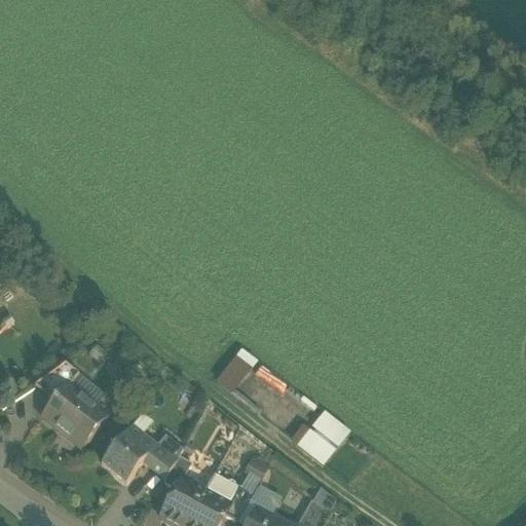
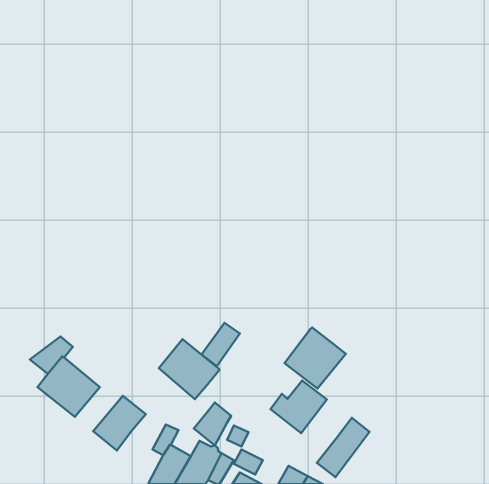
building: none -> [284,328,346,388]
building: none -> [159,339,219,399]
building: [142,434,182,480] -> [194,403,231,446]
building: none -> [317,418,370,477]

